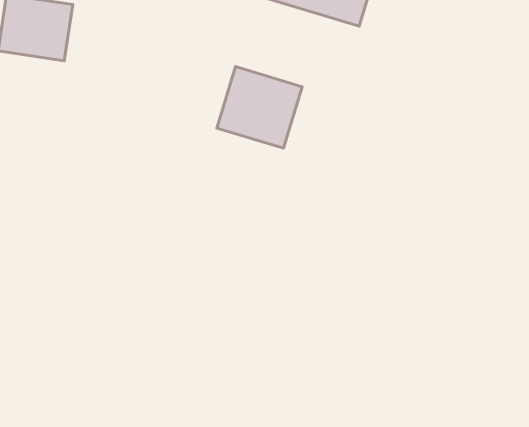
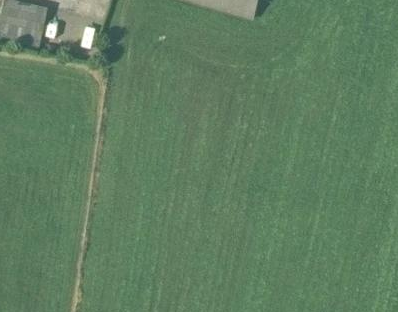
building: [217,67,302,148] -> none

